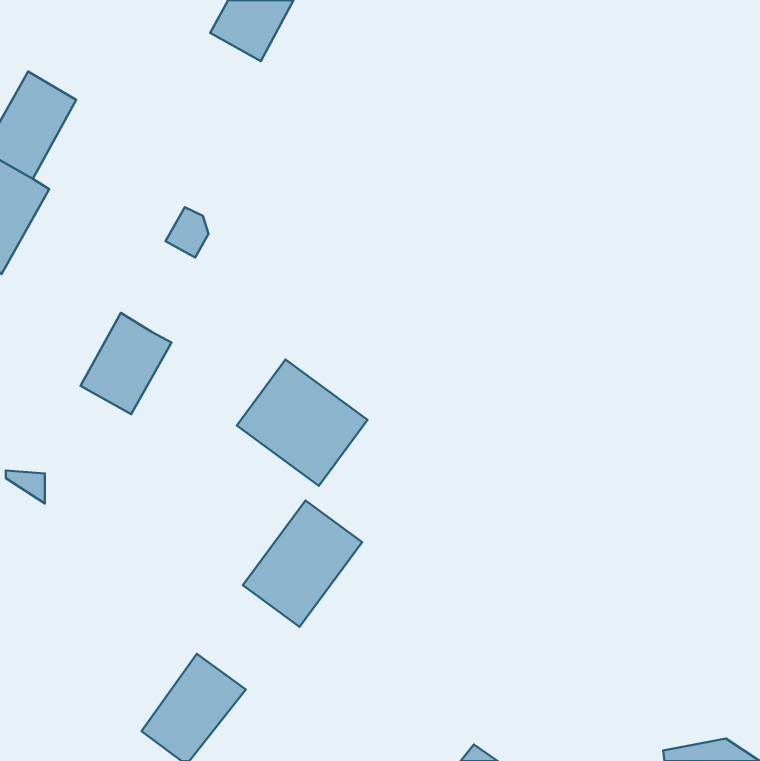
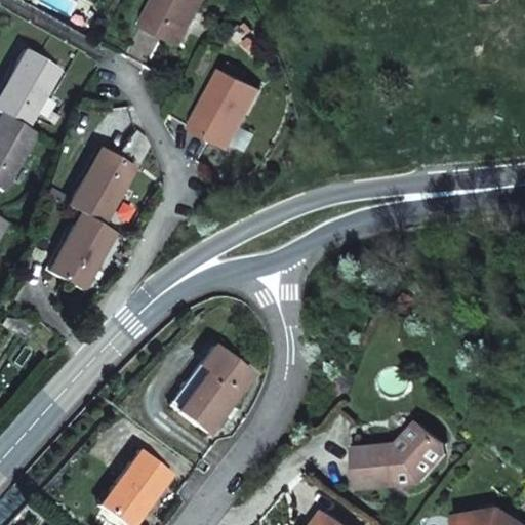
building: none -> [191,69,258,148]
building: none -> [71,162,130,229]
building: [237,360,367,486] -> none
building: none -> [358,423,443,487]

